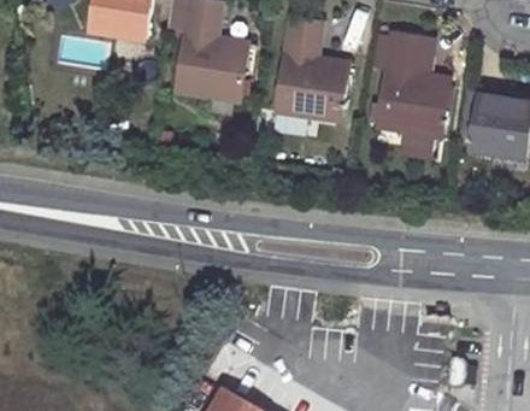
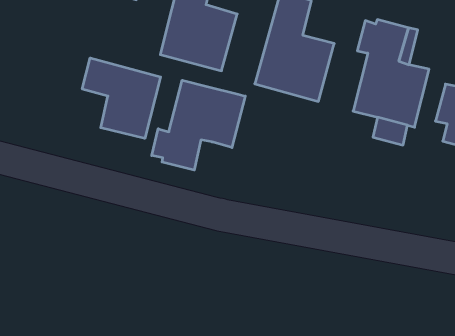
building: none -> [82,58,161,138]
building: none -> [152,80,245,170]

